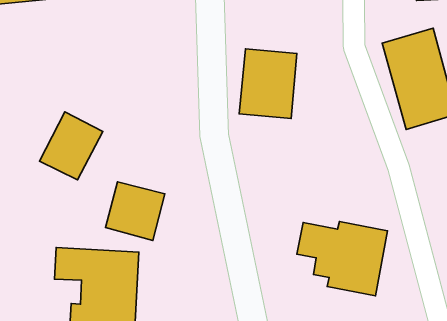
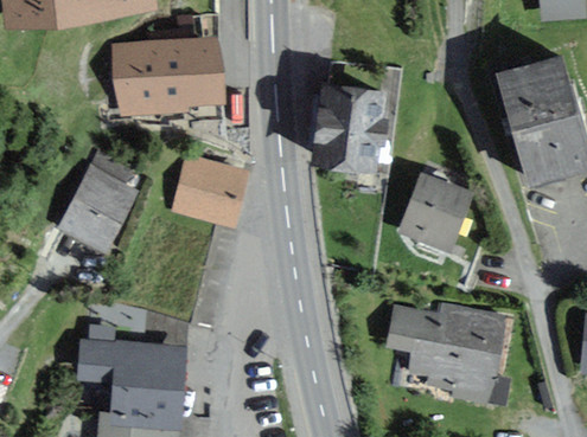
building: none -> [114,37,224,113]
building: none -> [398,175,474,253]
building: [105,182,165,240] -> [172,153,248,227]

